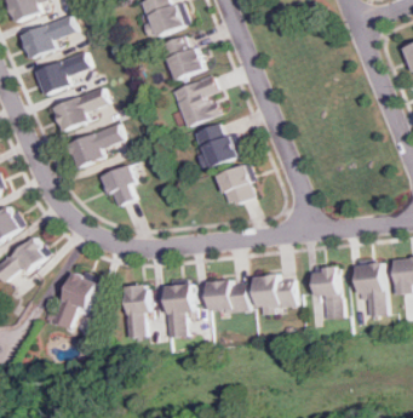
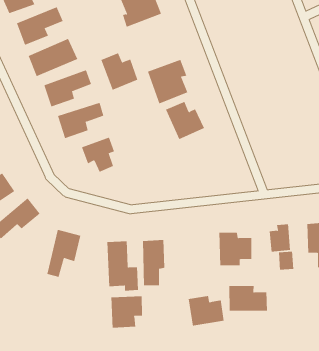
building: [160,36,203,80] -> [101,53,138,90]
building: [216,164,252,206] -> none
building: [205,279,247,314] -> [188,296,225,326]
building: none -> [229,285,267,311]
building: none -> [111,295,142,329]

